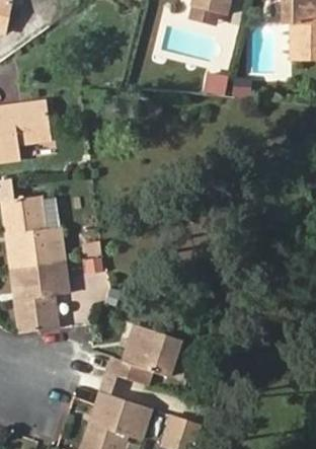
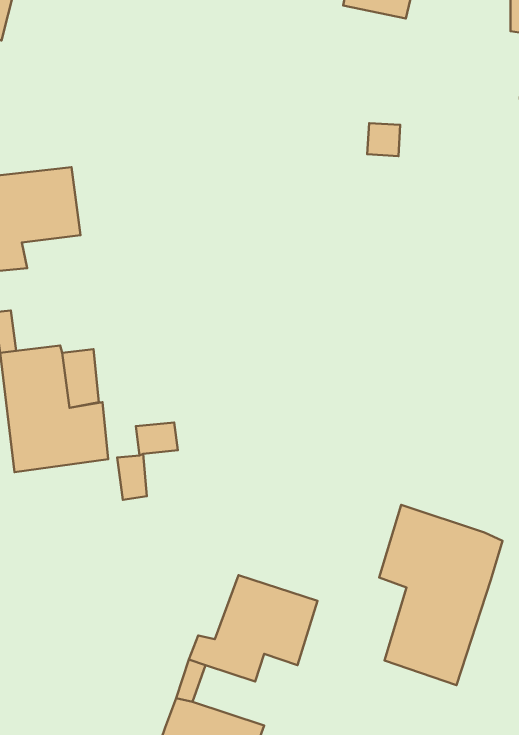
building: [13,260,69,333] -> none
building: none -> [379,505,502,685]

